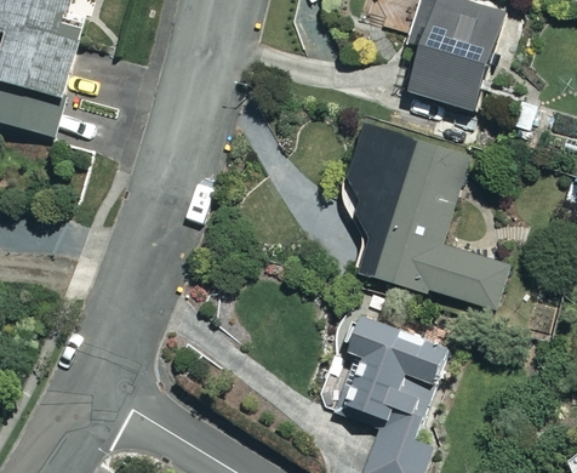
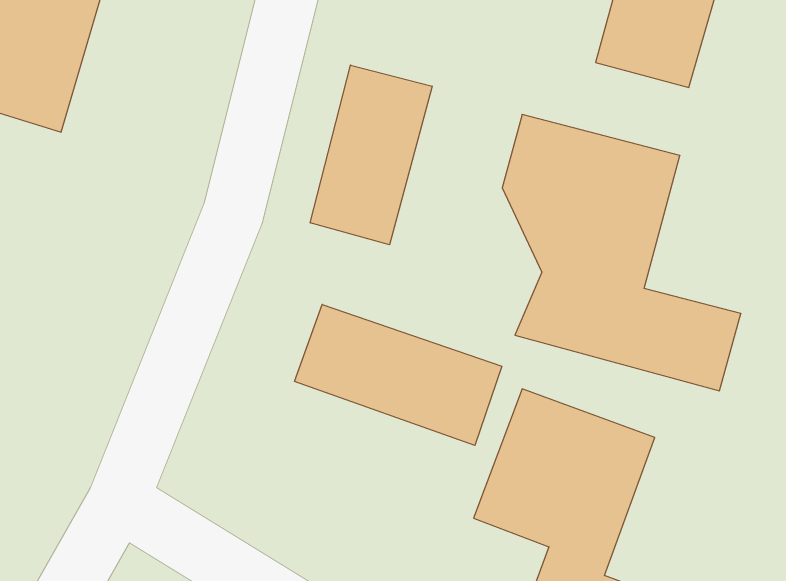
building: none -> [310,65,432,245]
building: none -> [294,304,502,445]

